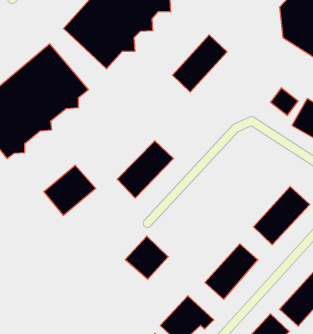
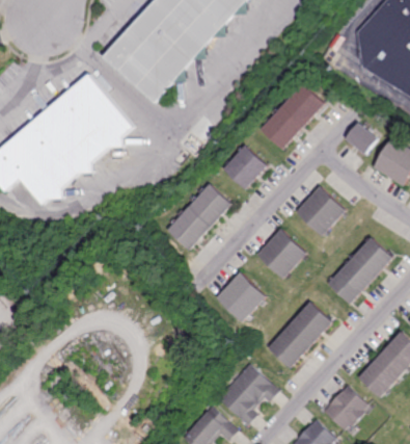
building: [172,35,227,92] -> [265,80,328,147]
building: none -> [225,143,270,189]
building: none -> [298,187,344,233]
building: [44,165,96,216] -> none
building: none -> [259,229,309,279]
building: [125,236,168,279] -> [218,271,268,321]

